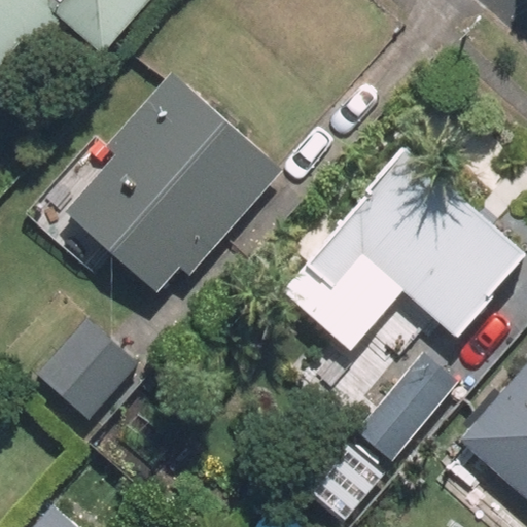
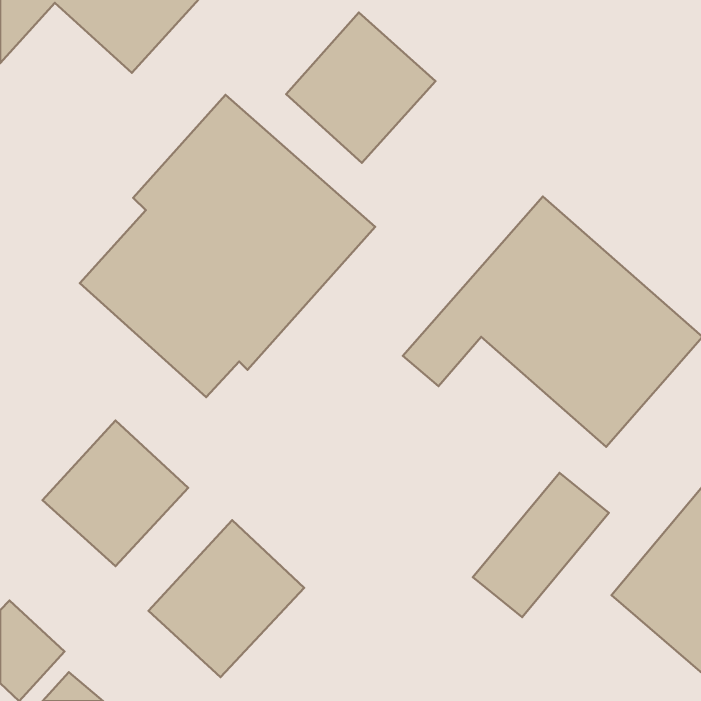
building: none -> [286,13,436,163]
building: none -> [149,520,304,677]

